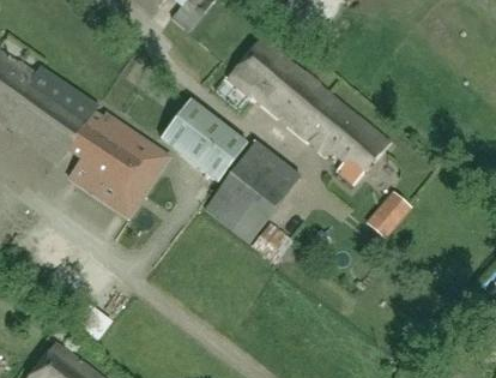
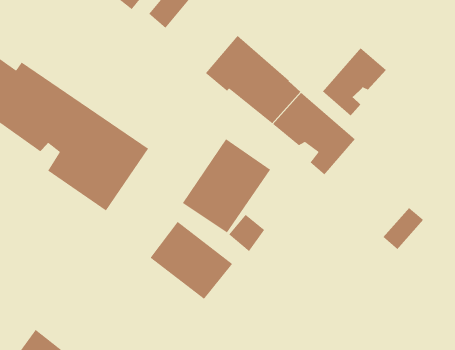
building: none -> [322,47,387,116]
building: [159,100,246,181] -> [150,221,233,300]
building: [365,188,409,233] -> [382,207,424,250]

